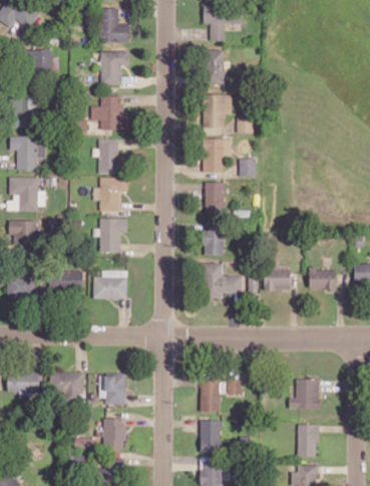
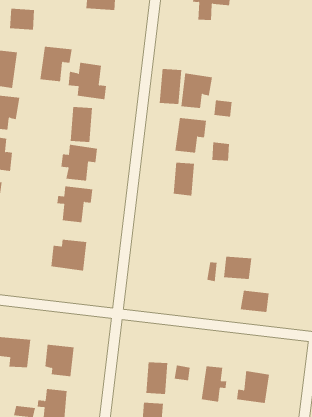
building: [204,49,225,84] -> [159,69,182,105]
building: [100,51,129,84] -> [39,46,73,82]
building: [204,223,224,255] -> none
building: [204,263,243,298] -> none
building: [309,269,336,288] -> [240,290,269,312]
building: [49,270,83,289] -> none
building: none -> [201,365,227,403]

